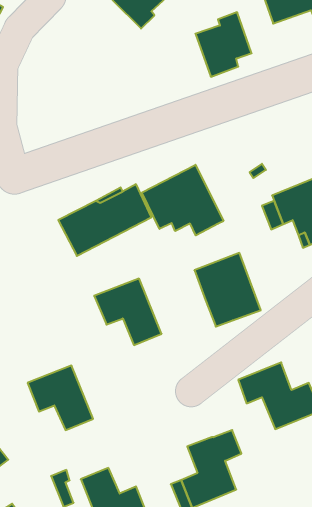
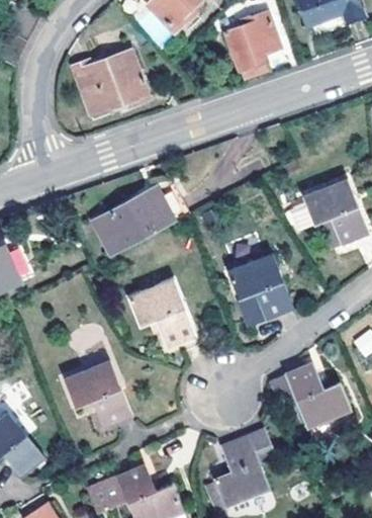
building: none -> [73,52,150,113]
building: [142,165,223,235] -> none

